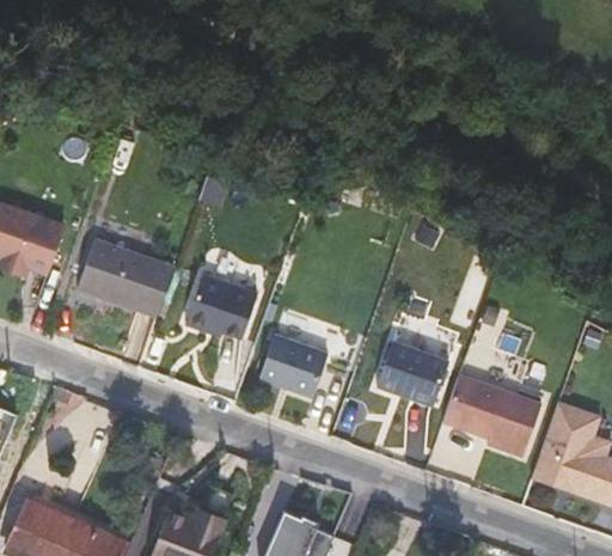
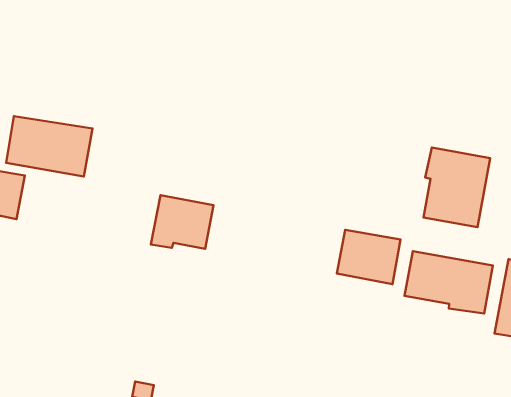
building: [79,237,176,313] -> [6,116,92,177]
building: none -> [424,147,490,227]
building: [259,334,323,392] -> none

